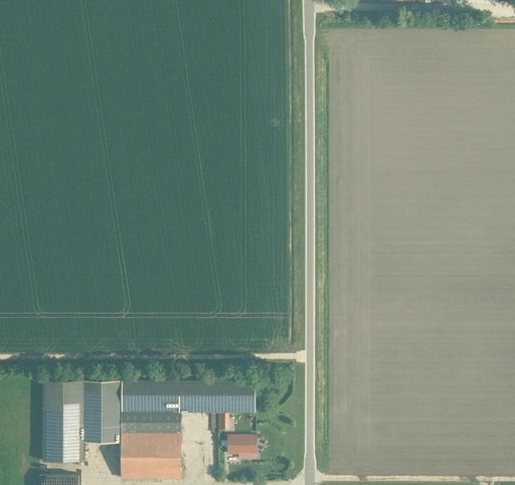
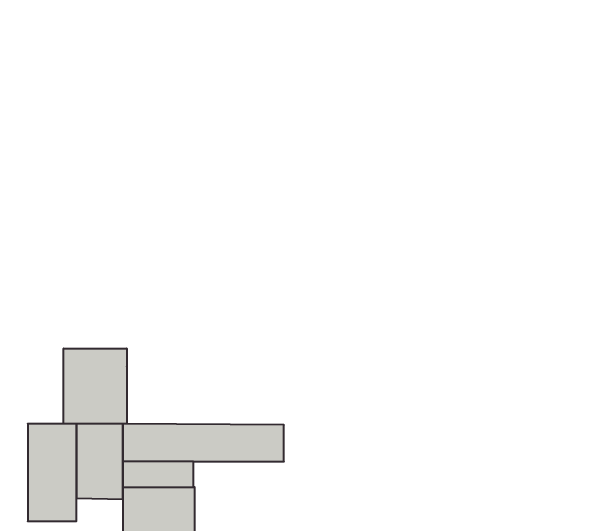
building: none -> [64,348,127,424]
building: [227,437,255,460] -> none

